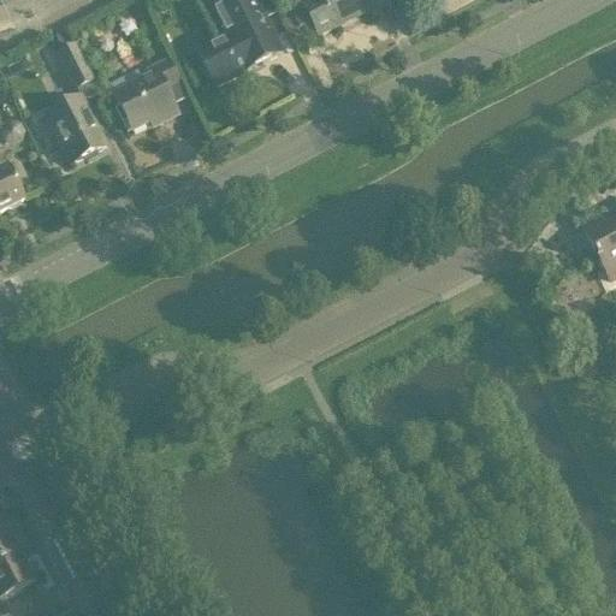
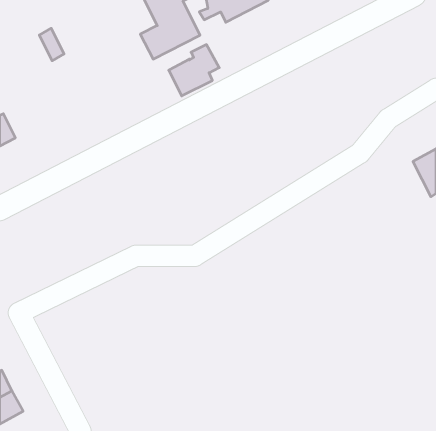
building: [112,54,183,126] -> [169,45,219,96]
building: [43,93,106,160] -> none

